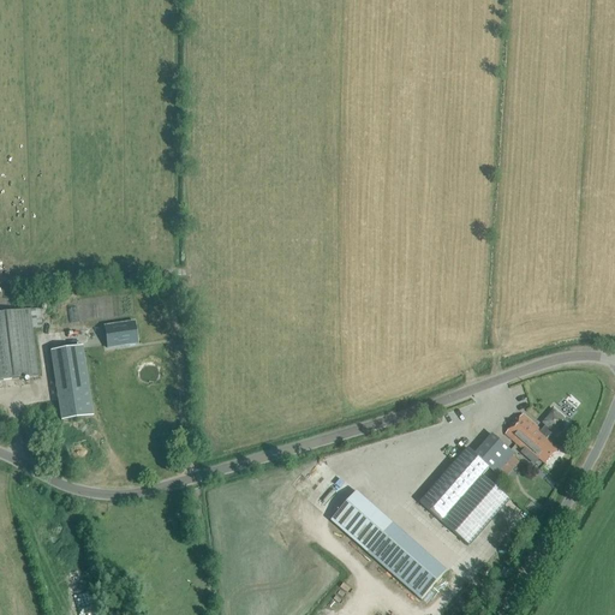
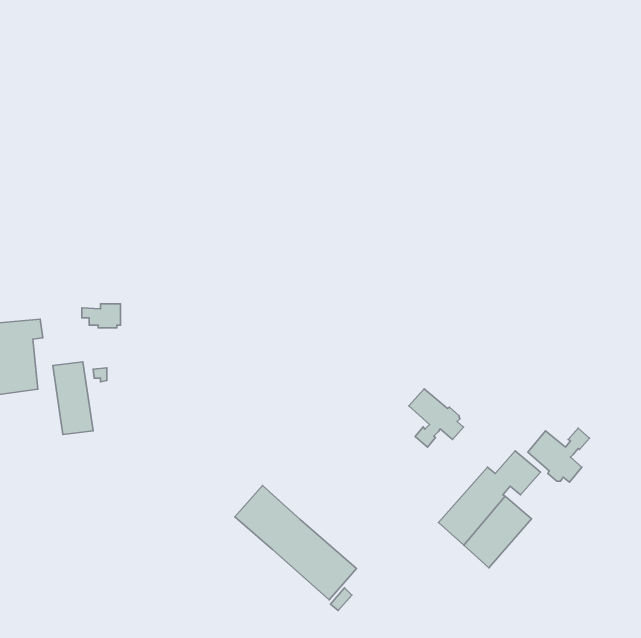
building: [103,318,136,345] -> none
building: none -> [409,389,463,447]
building: [330,488,447,597] -> [235,485,357,600]

